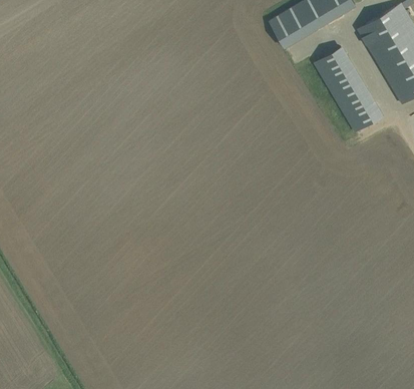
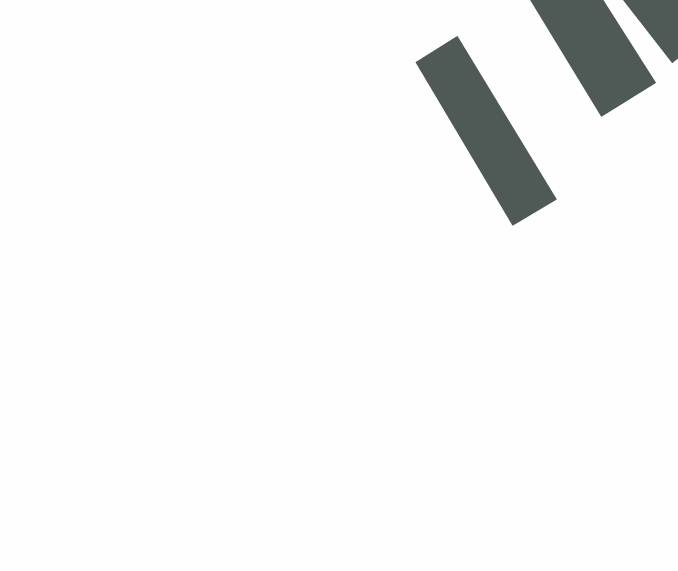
building: none -> [414,35,558,227]

